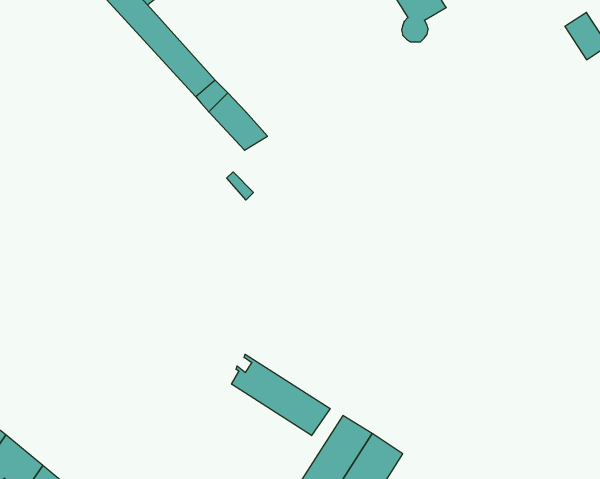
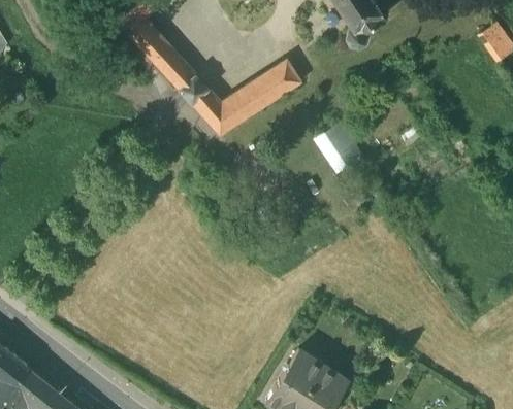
building: none -> [221,62,300,124]
building: none -> [315,123,360,170]
building: [232,354,330,436] -> none

